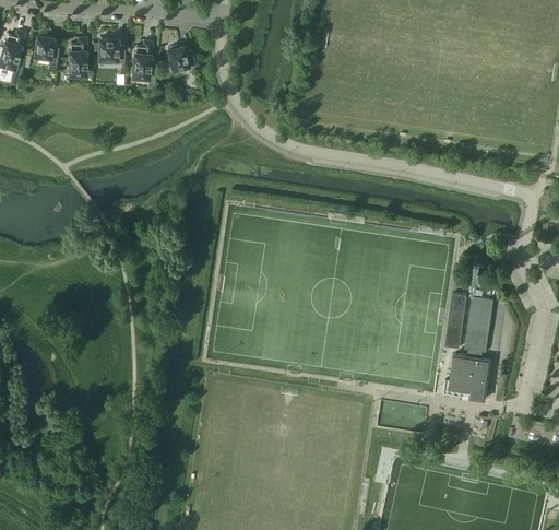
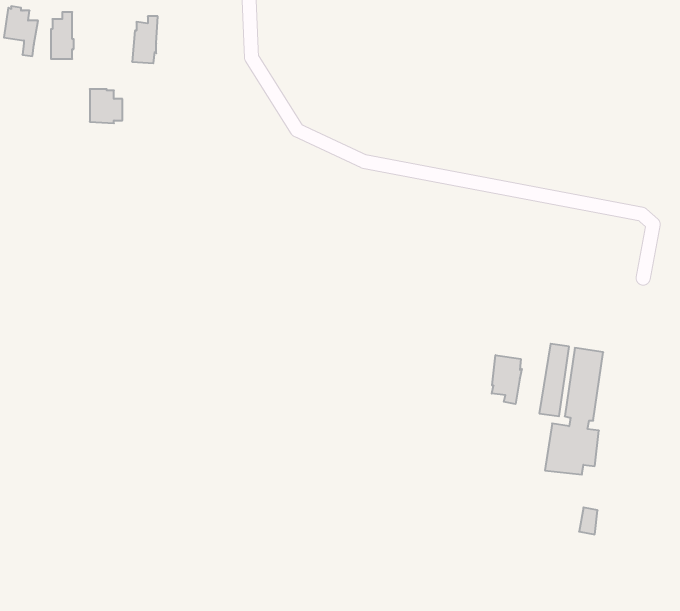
building: [98,39,123,66] -> [90,89,122,123]
building: [167,47,194,71] -> none
building: none -> [492,355,522,404]

